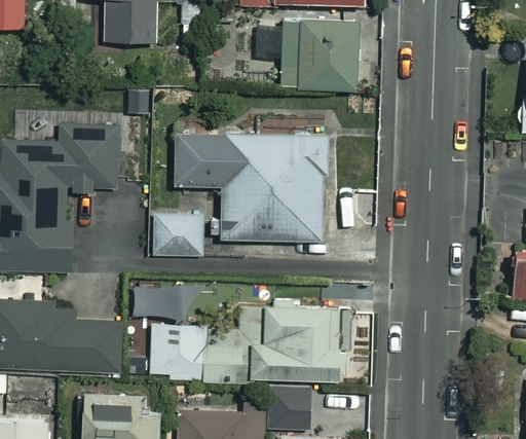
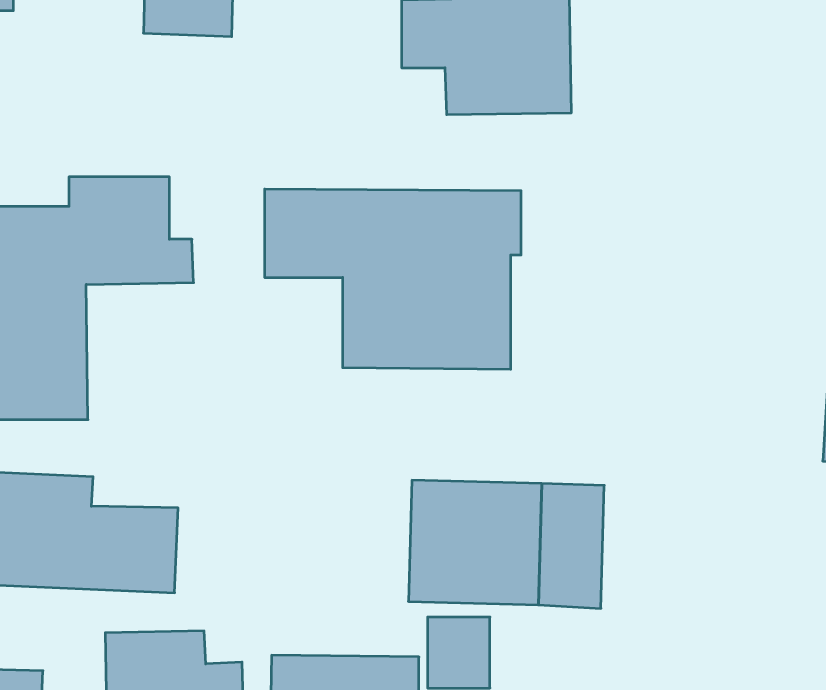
building: [154,216,202,256] -> none
building: [134,284,182,319] -> none
building: [128,324,256,381] -> none

